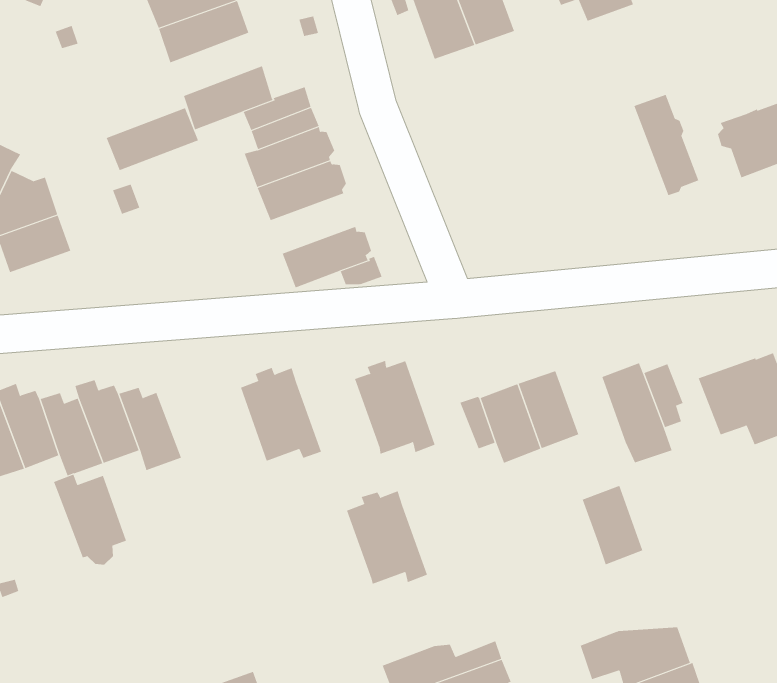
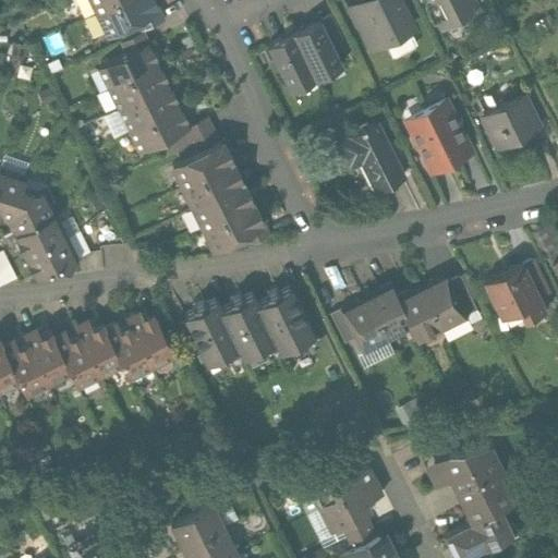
building: none -> [404,110,453,175]
building: [106,108,199,171] -> [118,87,179,133]
building: none -> [337,124,404,193]
building: none -> [194,186,253,230]
building: none -> [26,242,77,281]
building: [53,474,127,565] -> [128,315,180,374]
building: [582,485,643,565] -> [398,290,441,343]
building: [346,491,428,584] -> [222,298,280,361]

